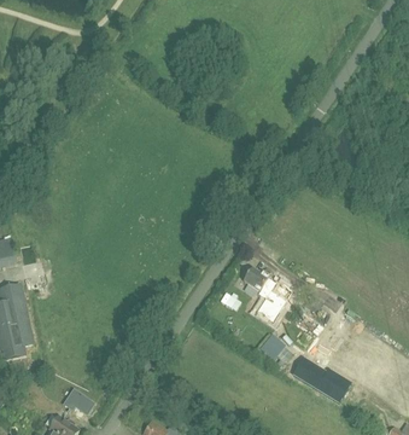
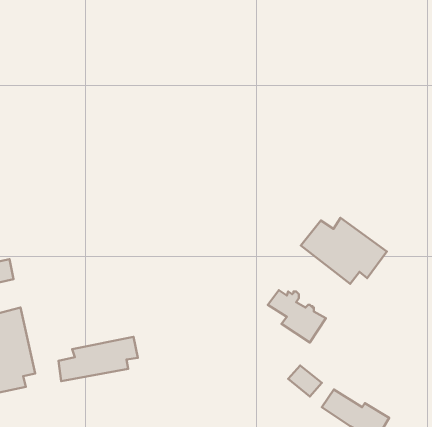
building: none -> [301,218,387,284]
building: none -> [59,337,138,381]

